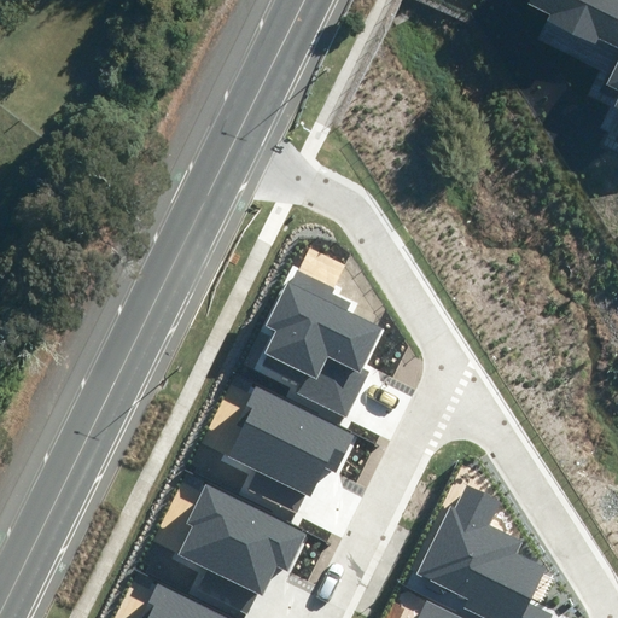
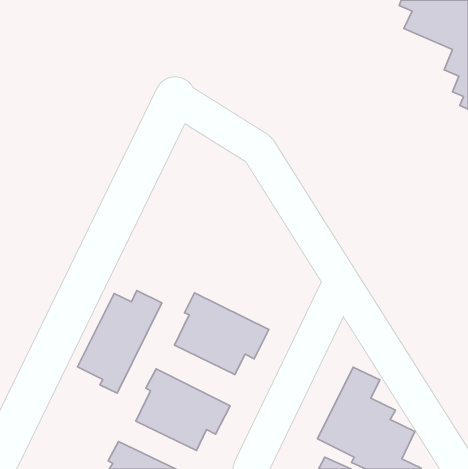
building: [261,270,383,420] -> none
building: none -> [78,291,162,393]

